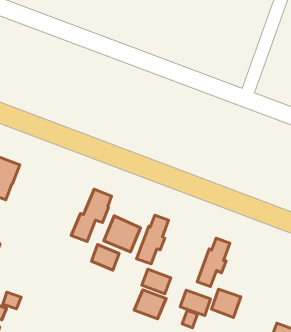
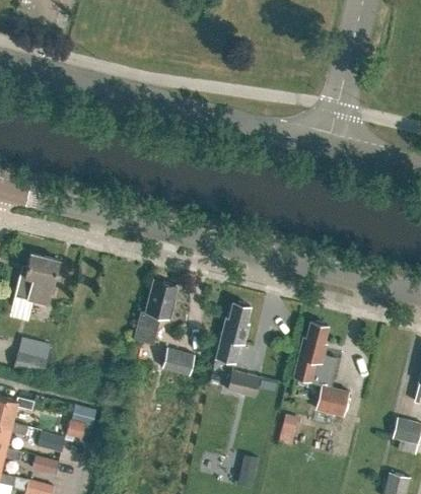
building: [104,216,141,252] -> none
building: [134,290,166,319] -> none
building: [180,290,210,315] -> none

